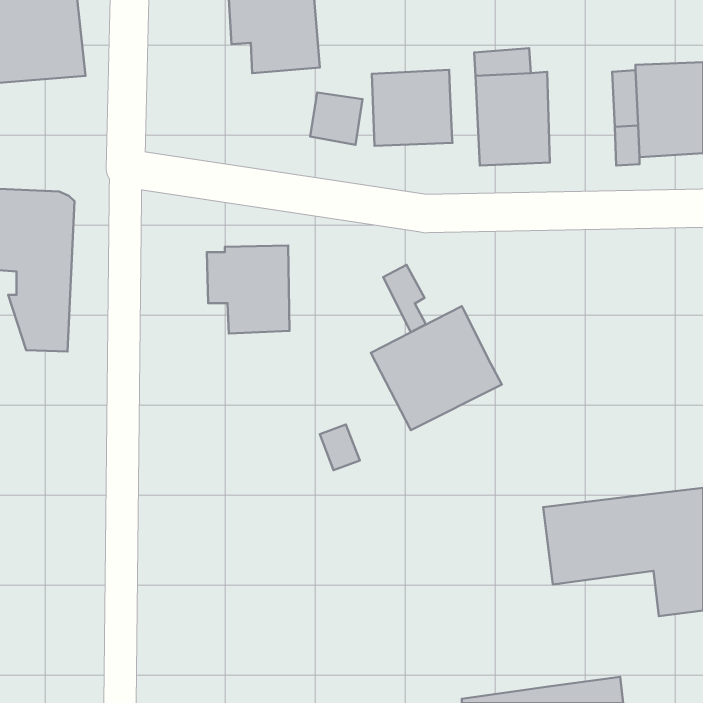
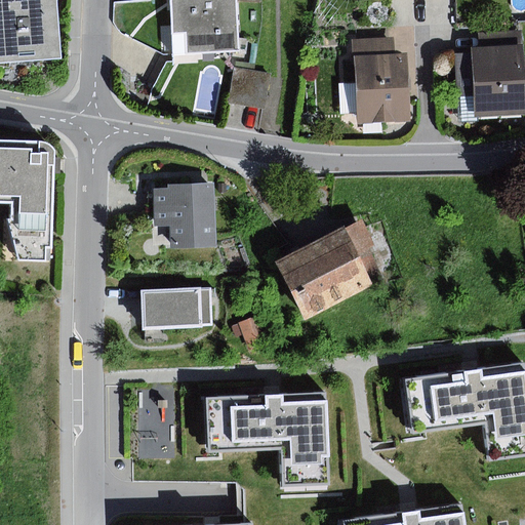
building: [372,70,452,146] -> none
building: [383,265,426,332] -> [345,220,376,271]
building: none -> [142,287,212,328]
building: none -> [205,392,328,485]

